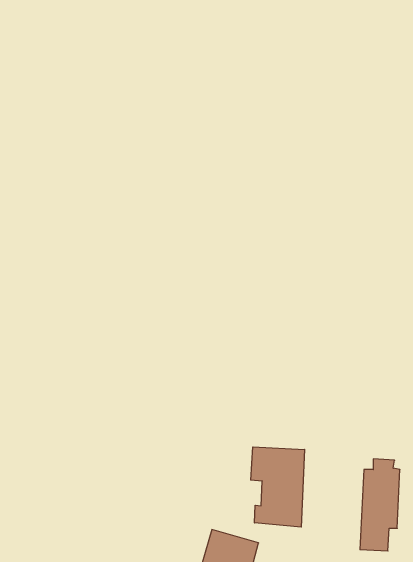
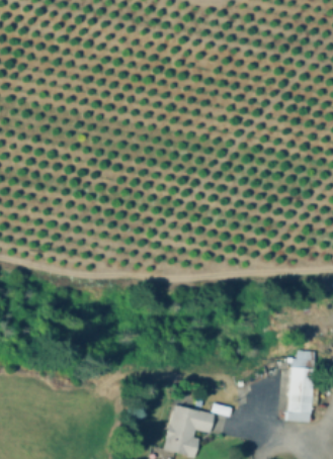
building: [251,447,305,527] -> none

